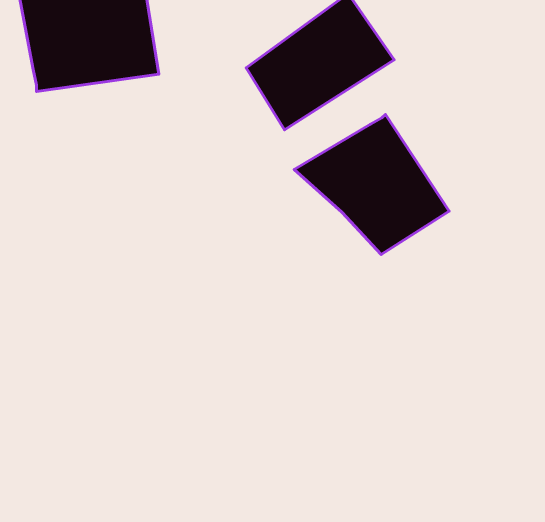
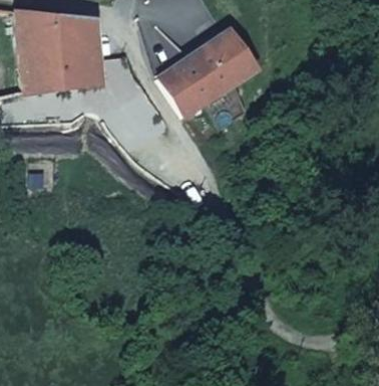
building: [294,114,449,255] -> none

